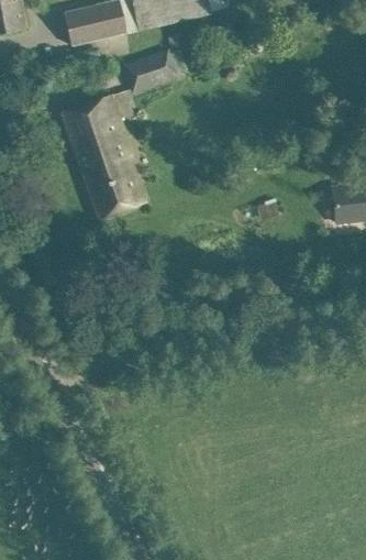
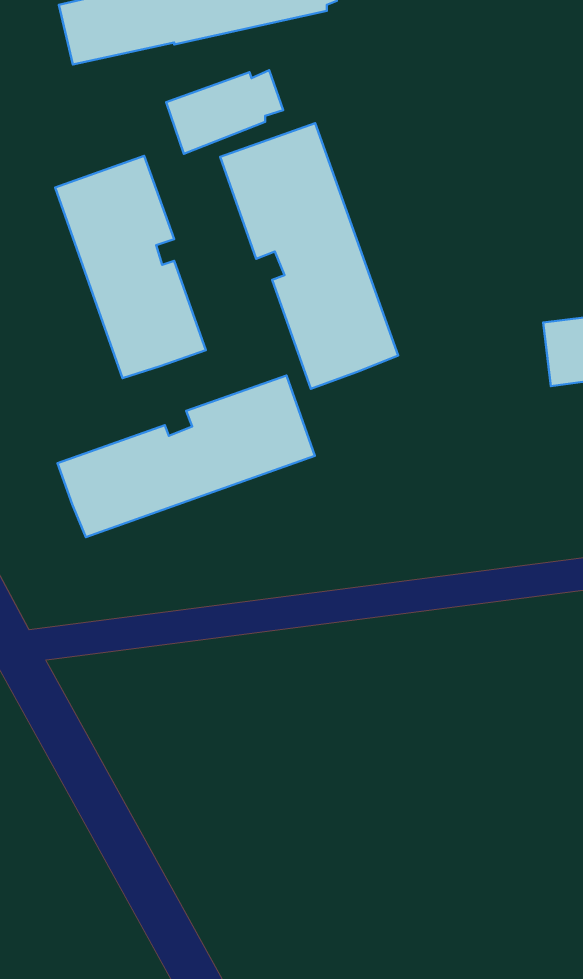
building: none -> [220,123,398,389]
building: none -> [57,375,315,537]

